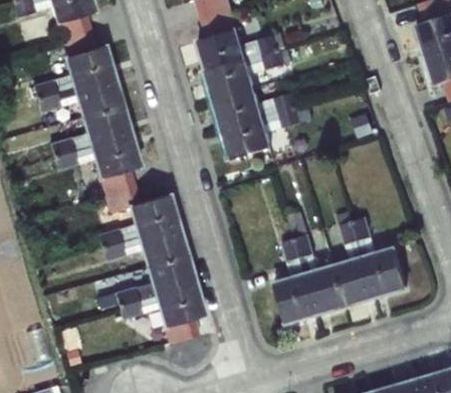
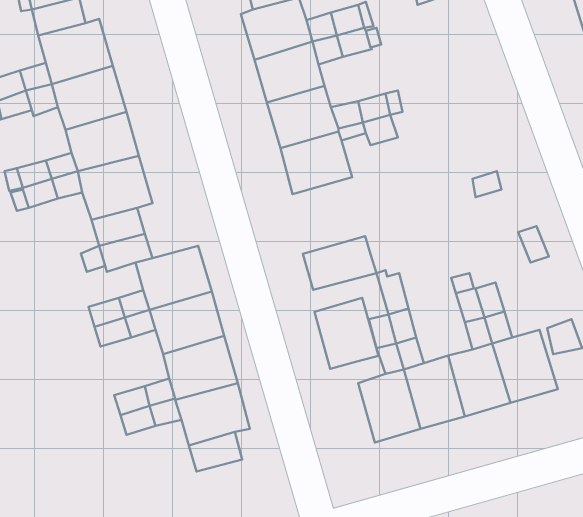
building: none -> [303,236,376,290]
building: none -> [315,298,379,369]

